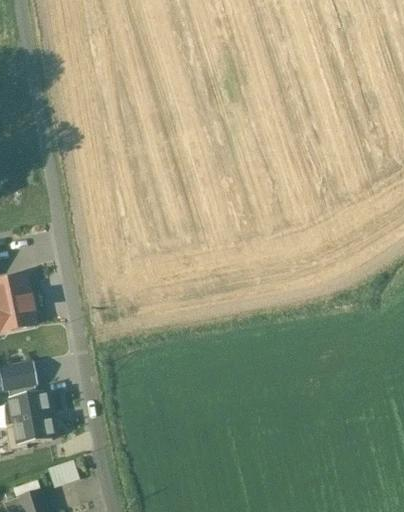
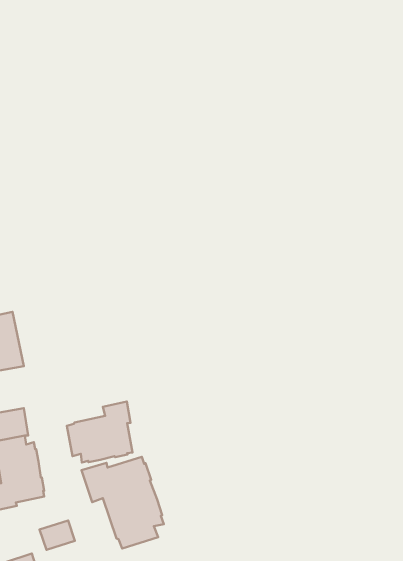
building: none -> [67,402,132,462]
building: none -> [81,457,164,549]

